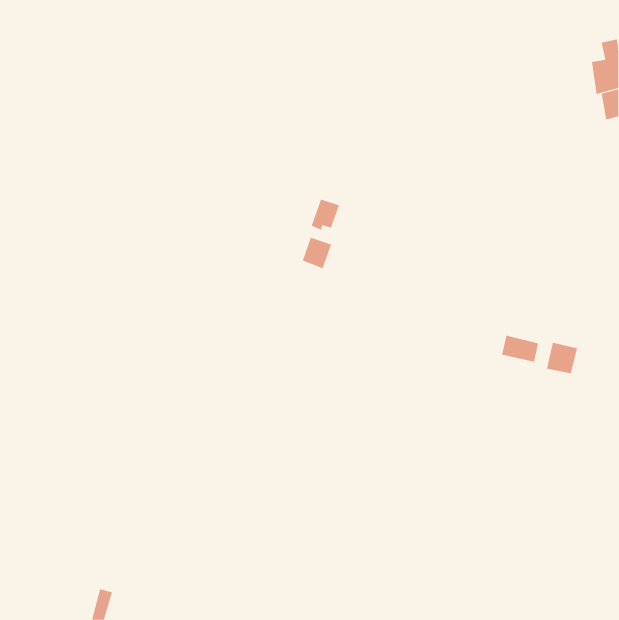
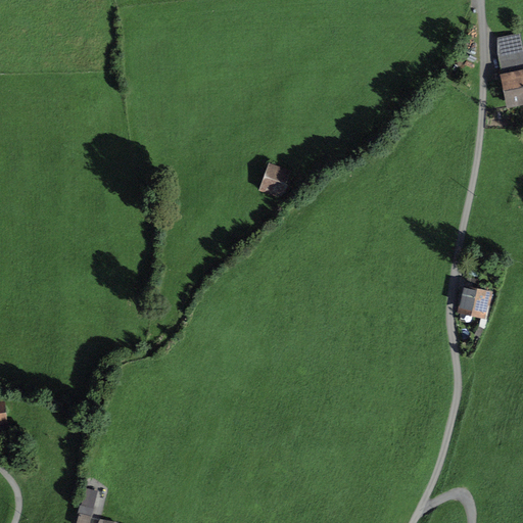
building: [302,237,332,269] -> none
building: [501,335,539,363] -> none

